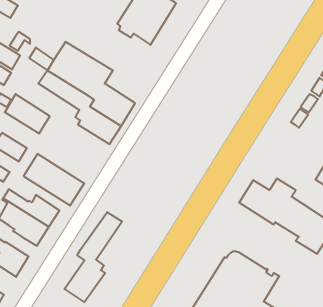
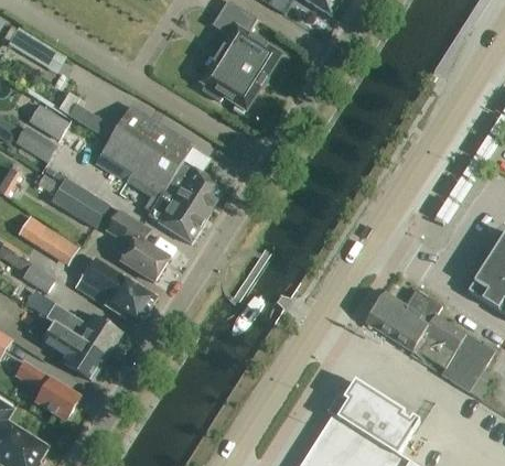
building: none -> [105,207,168,281]
building: [64,212,122,302] -> none

